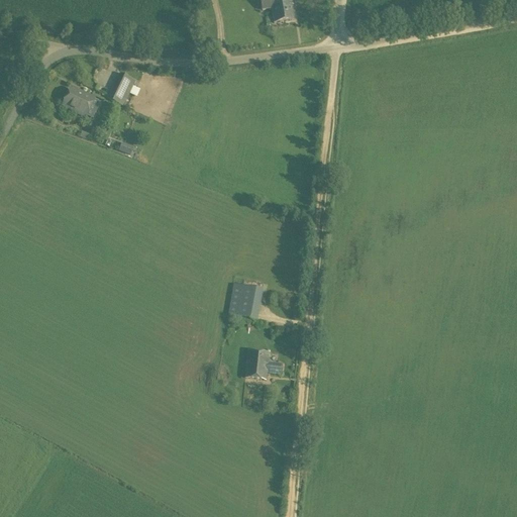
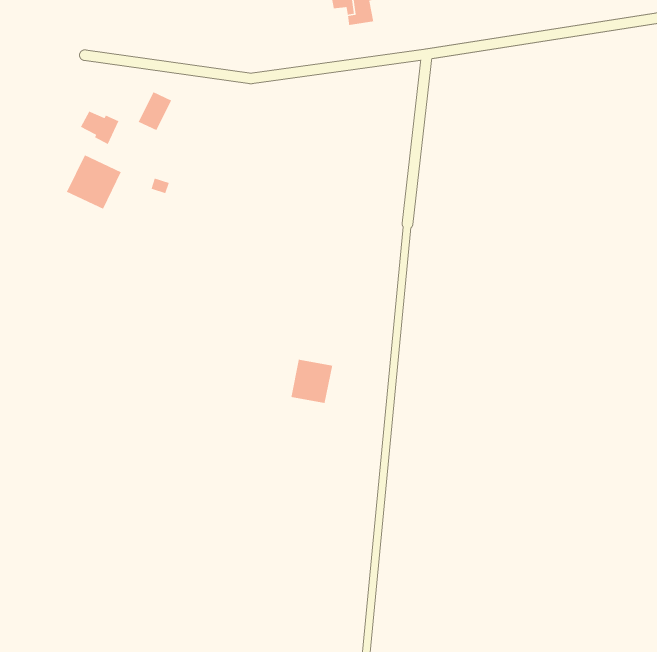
building: none -> [66,154,122,210]
building: [244,348,281,378] -> none

